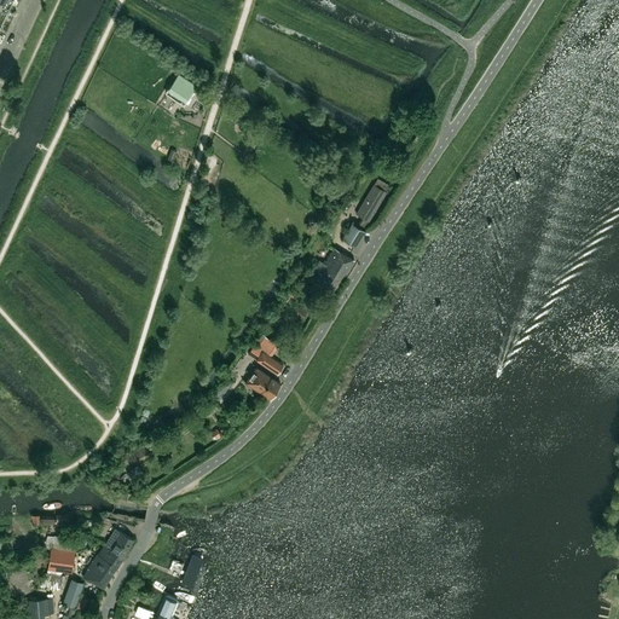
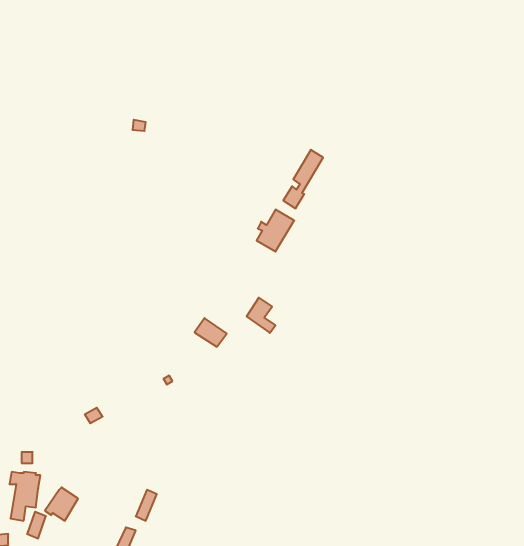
building: [166,74,197,105] -> none
building: [251,336,283,375] -> [247,298,275,333]
building: [100,530,134,565] -> none

